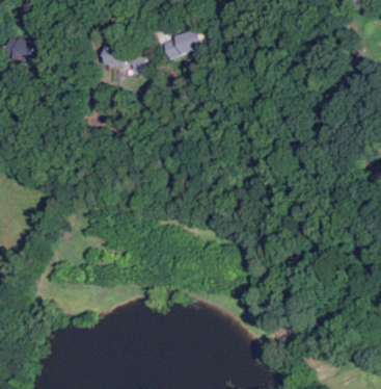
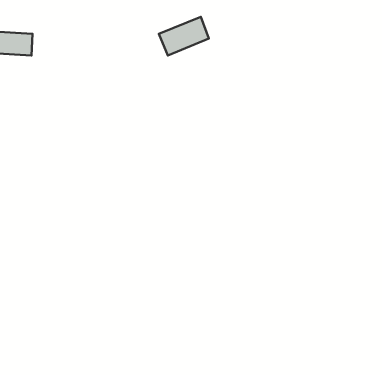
building: [104,45,134,68] -> none

